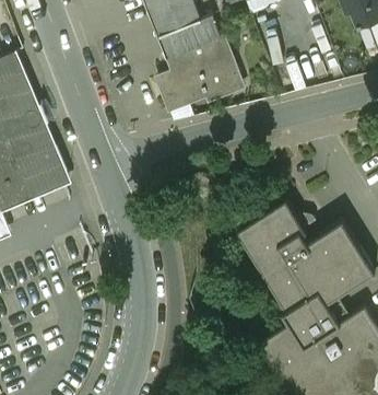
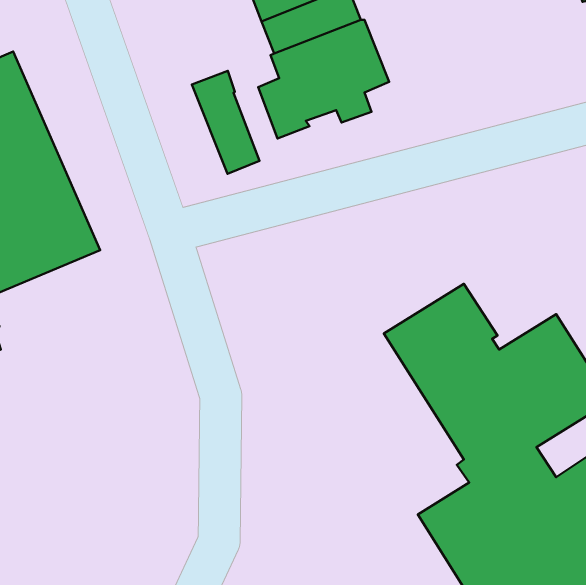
building: none -> [192,71,260,174]

